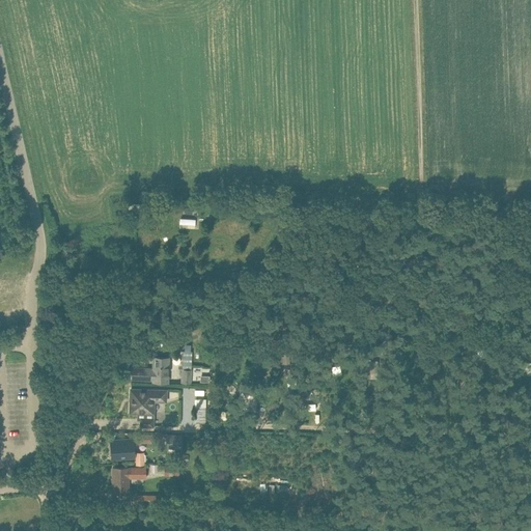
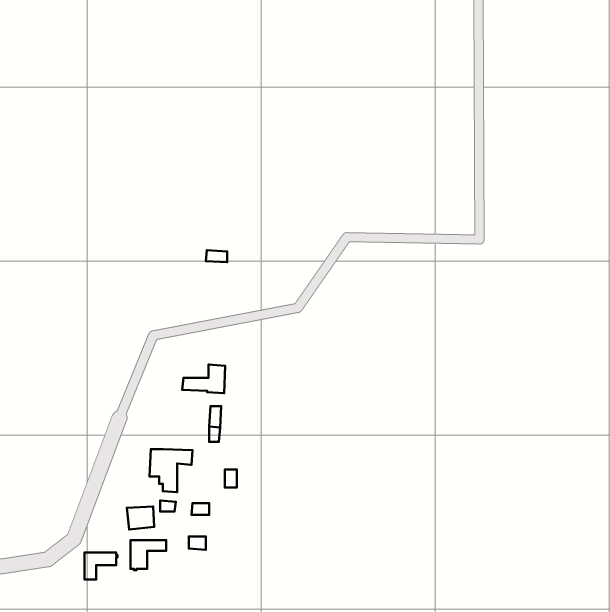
building: [132,357,169,382] -> [182,365,225,393]
building: none -> [84,552,118,580]

